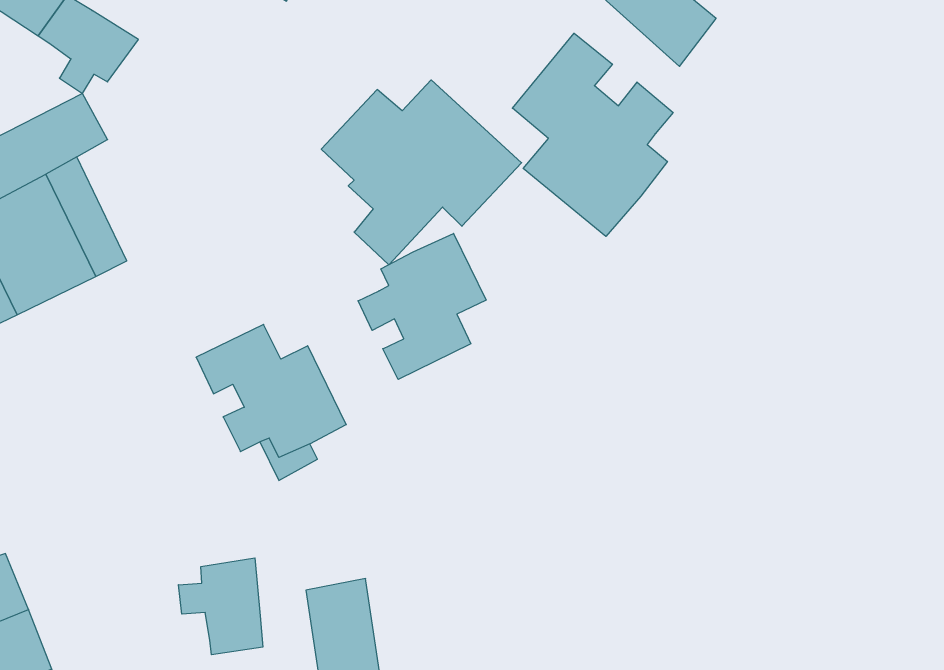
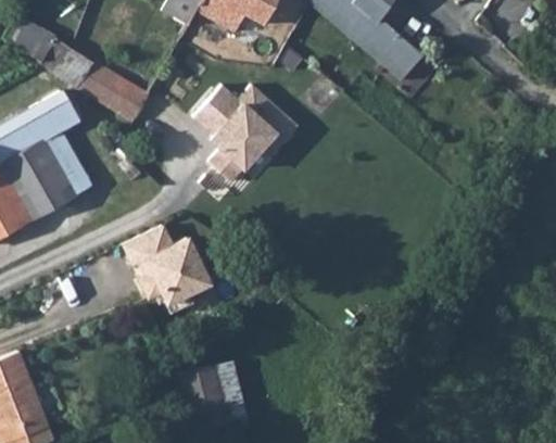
building: [512,33,673,236] -> none
building: none -> [77,63,146,121]
building: [358,233,486,379] -> none
building: [178,558,263,655] -> none

